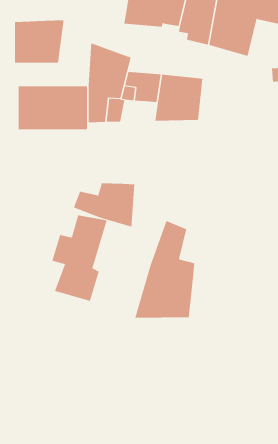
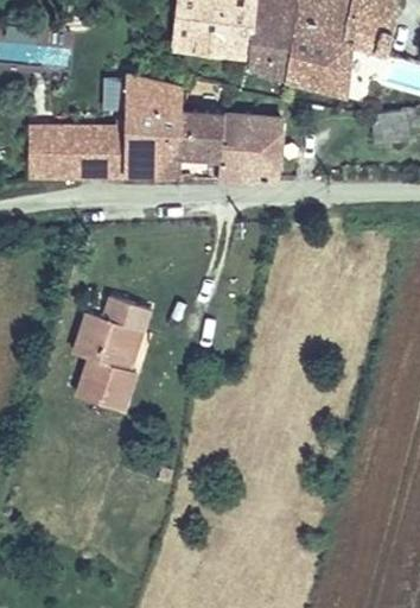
building: [15,20,64,63] -> none
building: [73,183,135,227] -> none
building: [134,220,195,318] -> none

